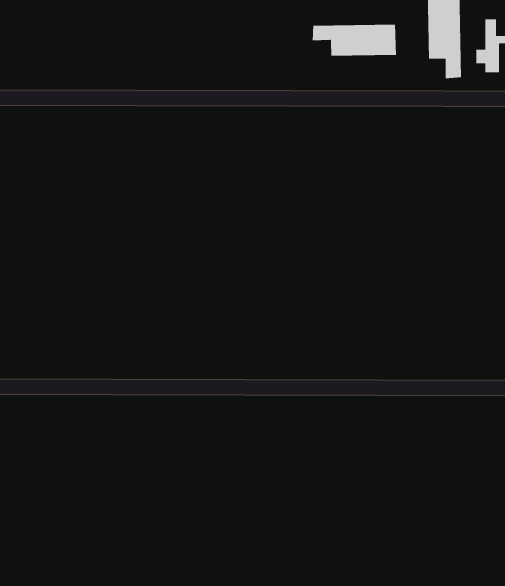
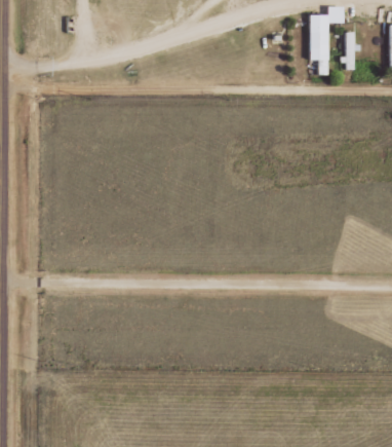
building: [312,24,397,56] -> none

